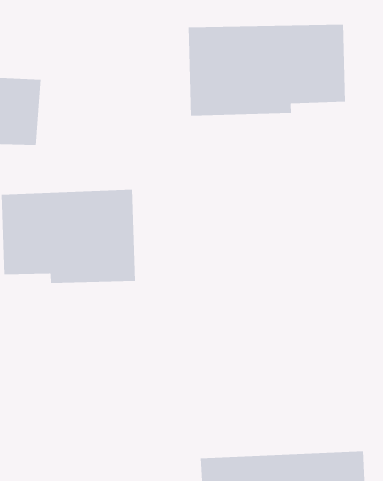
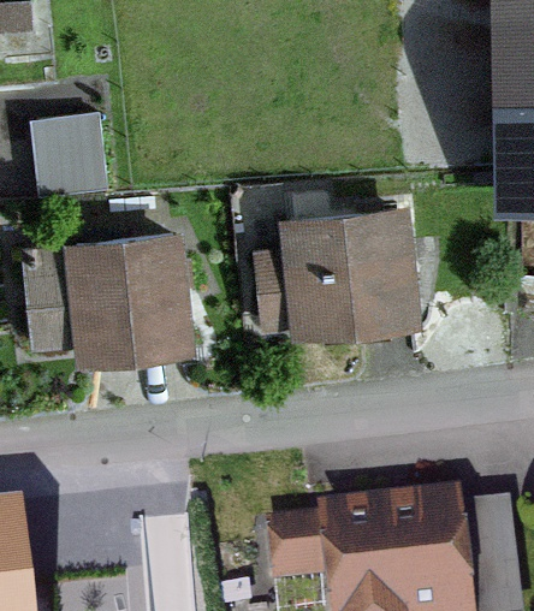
building: [188,24,345,117] -> none
building: none -> [260,212,410,326]

